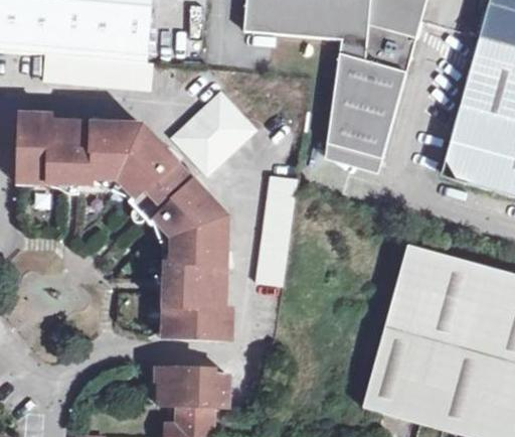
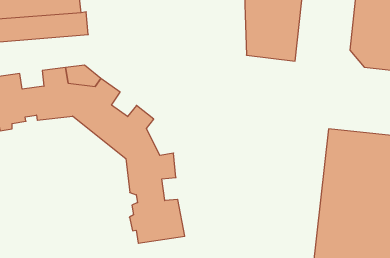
building: [170,91,254,174] -> none
building: [255,175,297,287] -> none
building: [200,199,227,242] -> none

